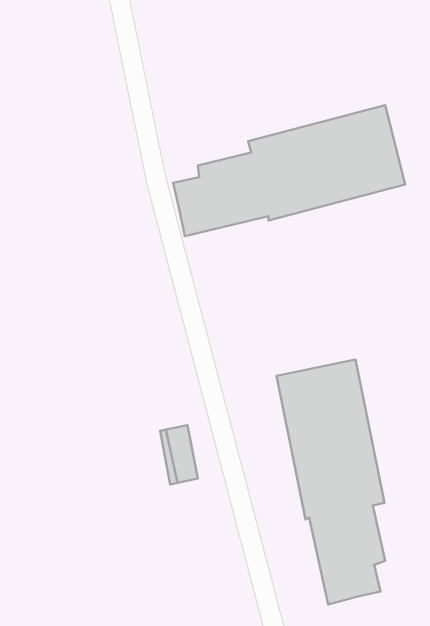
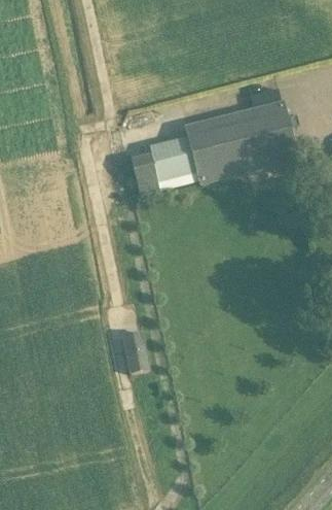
building: [277,359,385,604] -> none

